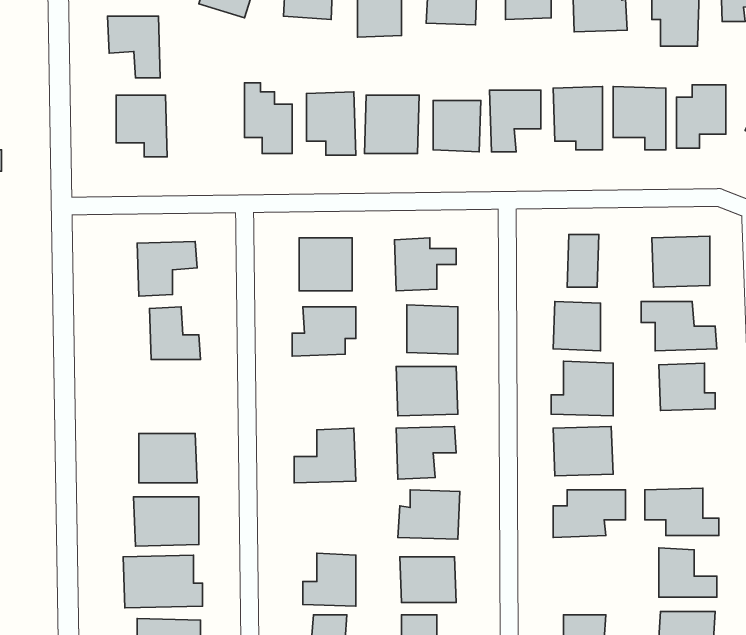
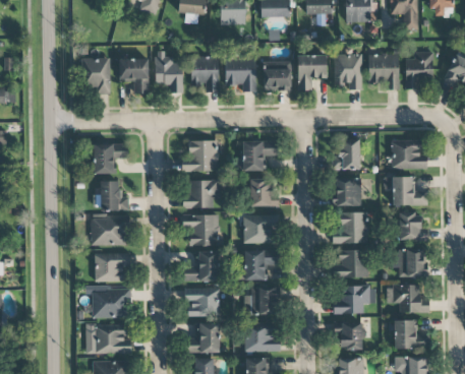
building: [107,16,160,78] -> [118,59,149,95]
building: none -> [182,214,219,246]
building: none -> [90,216,128,246]
building: none -> [398,250,422,277]
building: none -> [184,289,219,317]
building: none -> [335,322,361,351]

